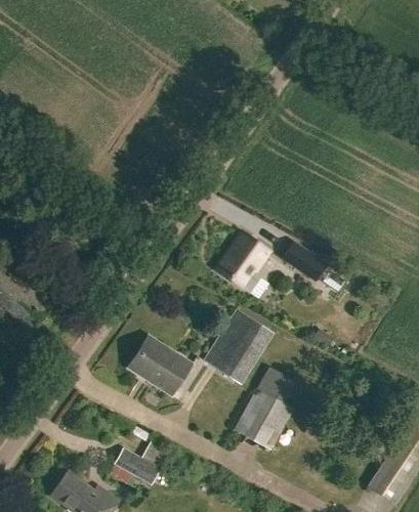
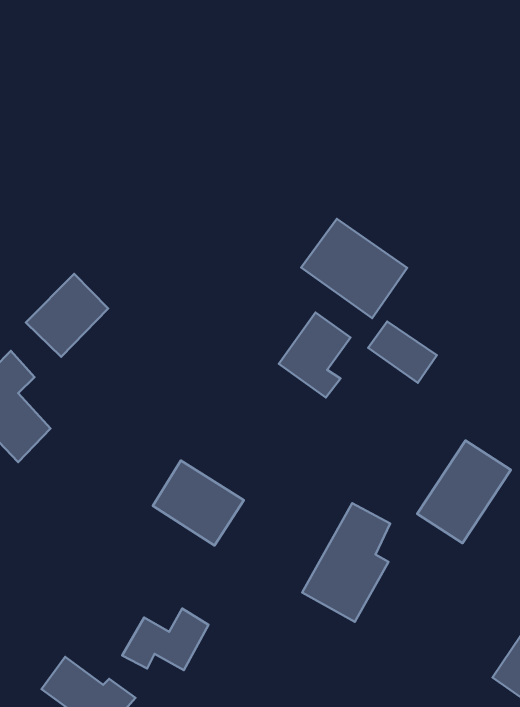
building: none -> [301,219,407,318]
building: none -> [26,274,108,357]
building: [204,309,269,381] -> [417,441,511,543]

